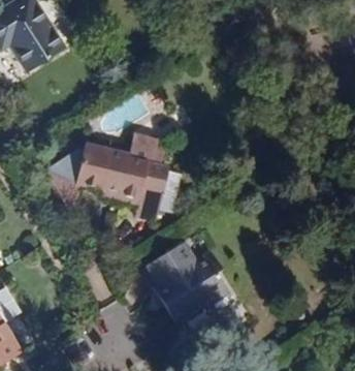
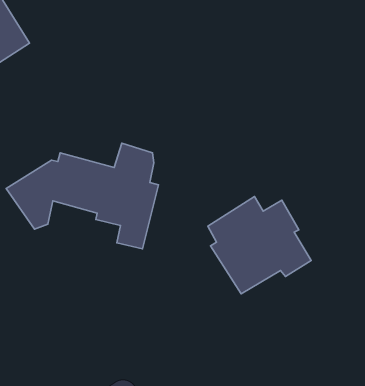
building: [144,242,231,323] -> [208,197,311,294]

